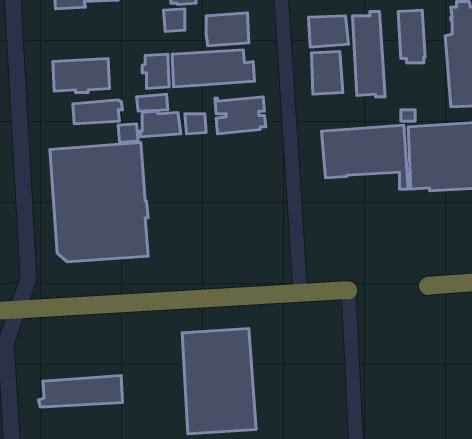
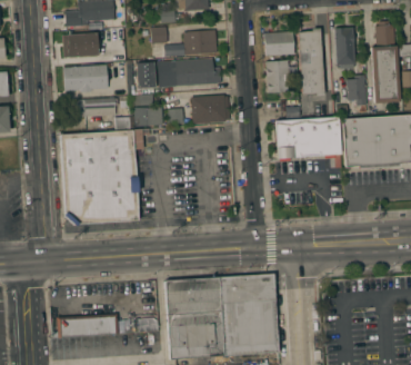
building: none -> [62,32,98,57]
building: none -> [347,75,368,105]
building: none -> [218,273,278,355]

